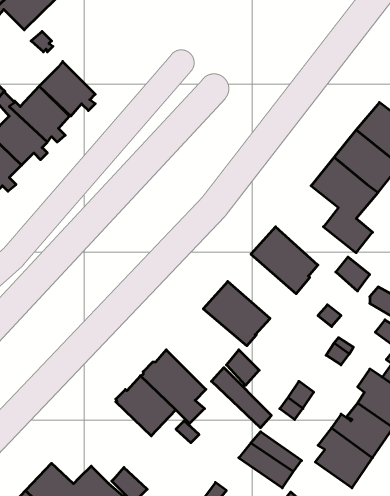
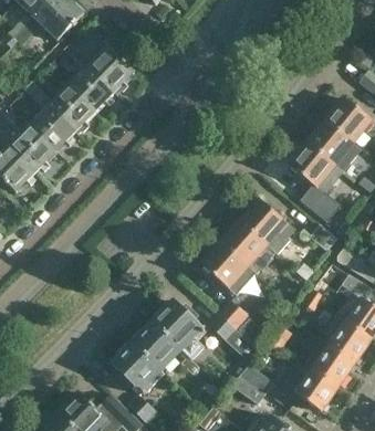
building: none -> [85,35,133,92]
building: none -> [221,221,277,273]
building: none -> [111,340,159,392]

